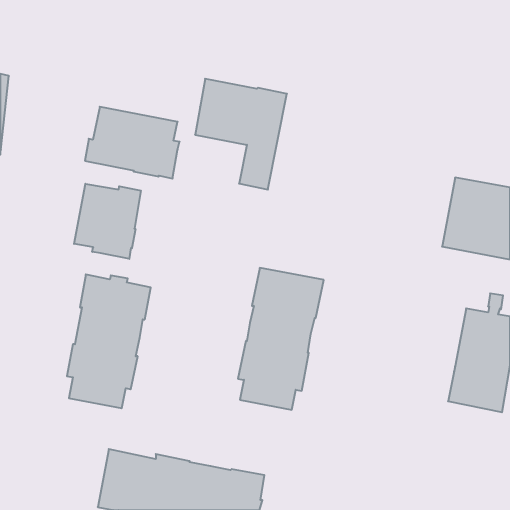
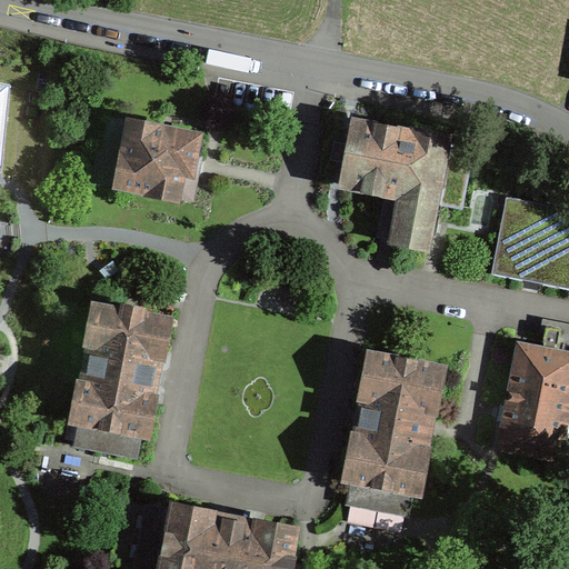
building: [195,79,287,190] -> [345,122,447,246]
building: [74,184,141,259] -> none
building: [238,268,324,410] -> [347,355,442,512]

